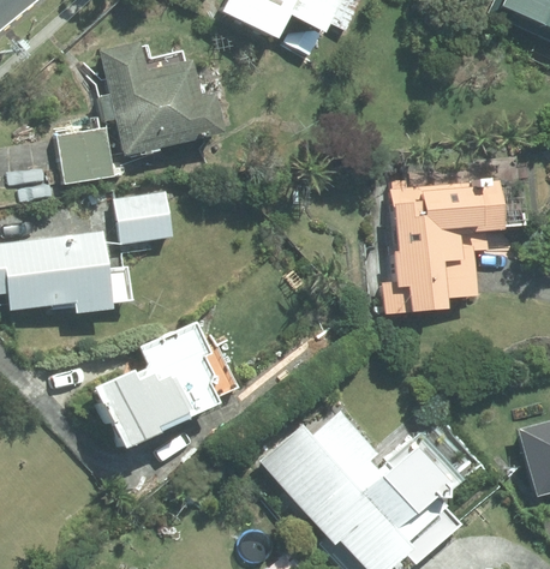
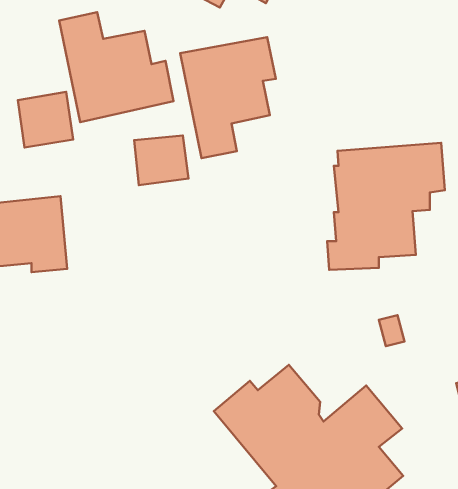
building: none -> [180,37,276,158]
building: [120,191,177,242] -> [134,136,189,185]
building: [89,323,219,449] -> none

